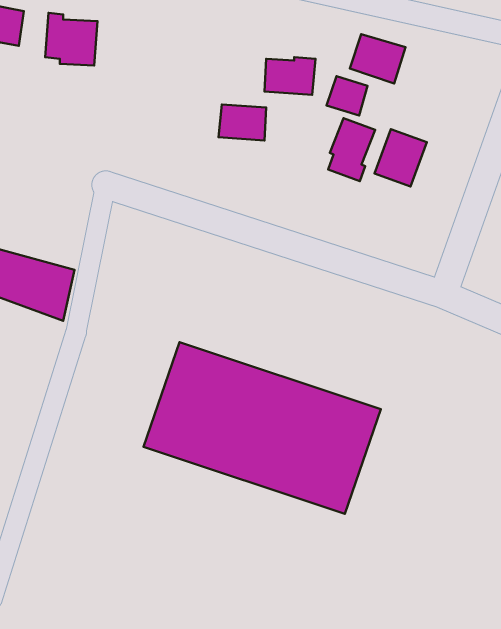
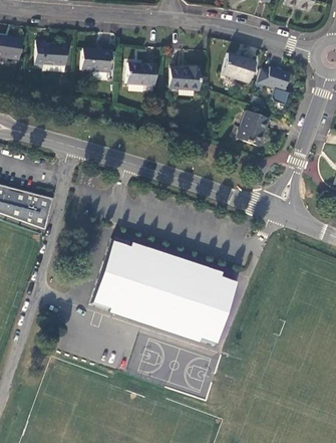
building: none -> [80,46,110,70]
building: [327,76,368,115] -> [264,65,289,89]
building: [219,104,266,140] -> [125,61,154,83]
building: [328,118,375,181] -> none

